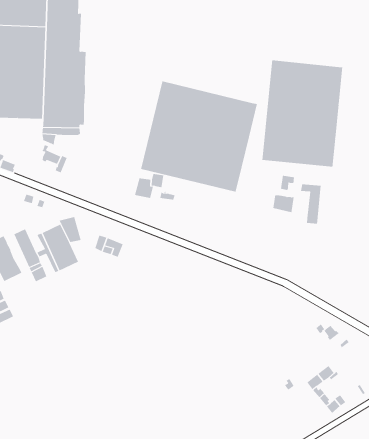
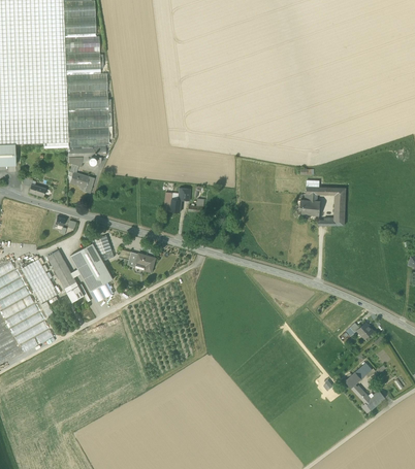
building: [262,60,343,167] -> none
building: [140,81,258,193] -> none

